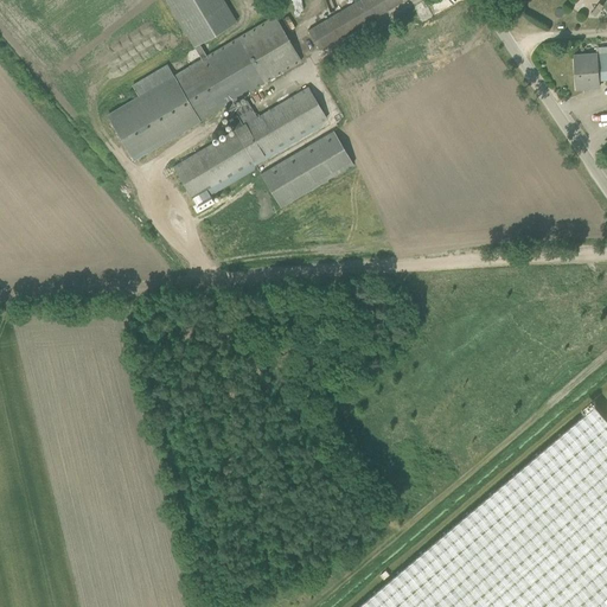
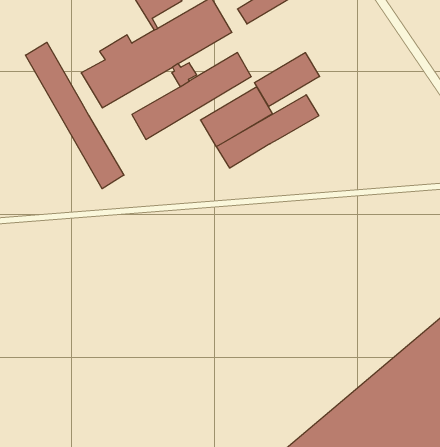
building: none -> [25,42,124,189]
building: none -> [254,53,320,107]
building: none -> [217,95,319,168]

